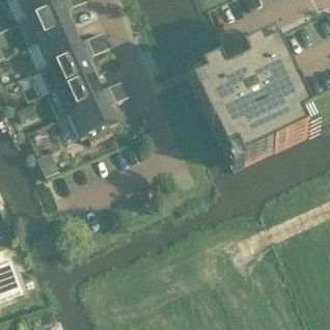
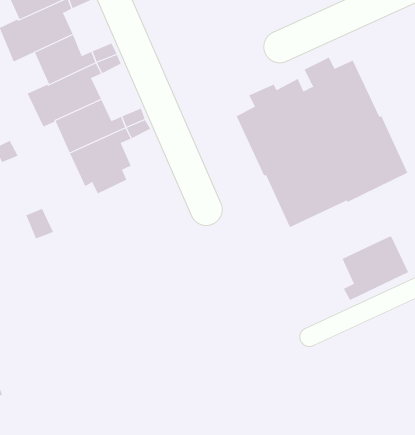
building: none -> [342,235,409,301]

